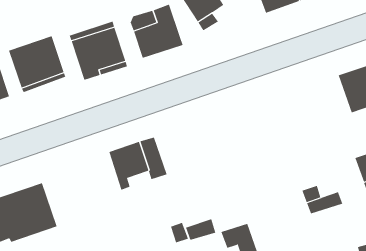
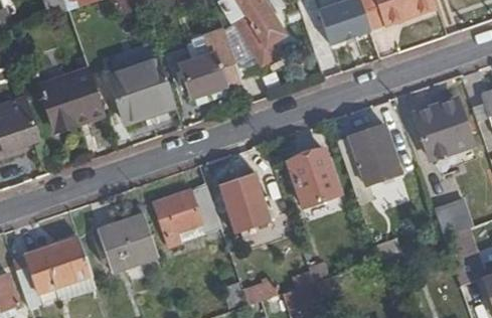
building: none -> [337,124,399,187]
building: none -> [286,148,337,205]
building: none -> [218,172,271,232]
building: none -> [96,215,157,271]

